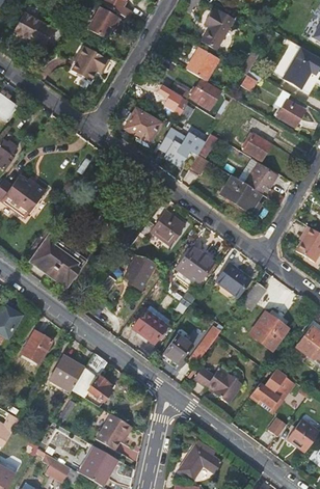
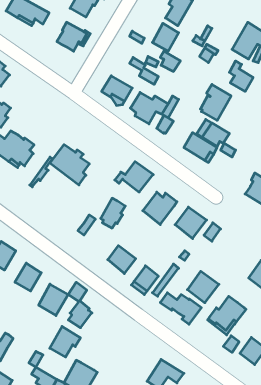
building: [30,240,77,288] -> [50,145,89,185]
building: [250,313,288,350] -> [187,271,219,303]
building: [98,413,134,450] -> [50,326,80,357]

